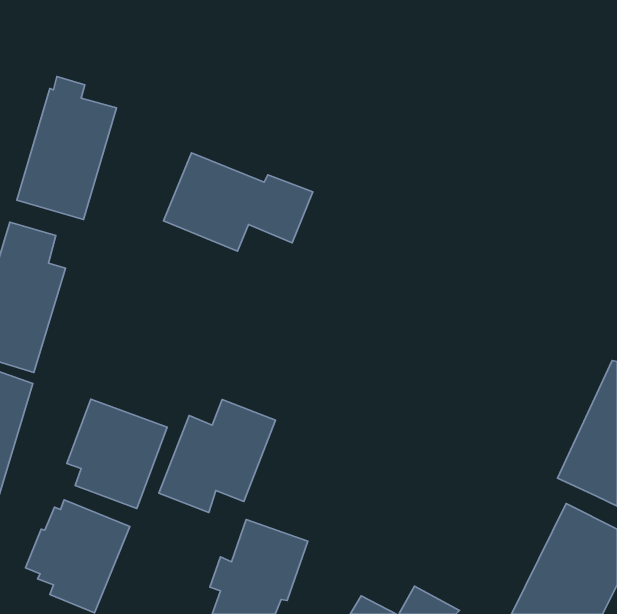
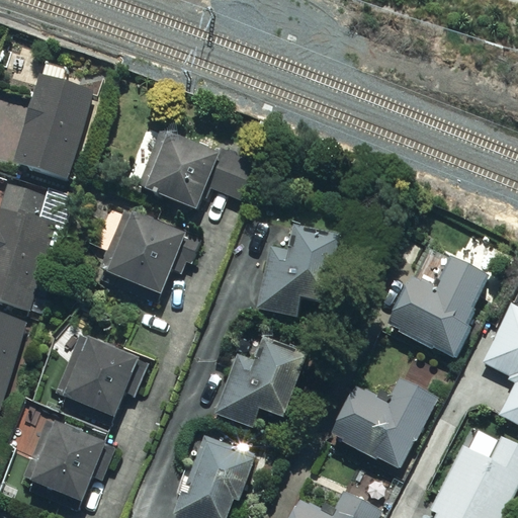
building: none -> [103,209,202,294]
building: none -> [258,228,340,315]
building: none -> [387,257,490,360]
building: [159,400,275,512] -> [212,335,310,429]
building: none -> [330,368,430,468]

